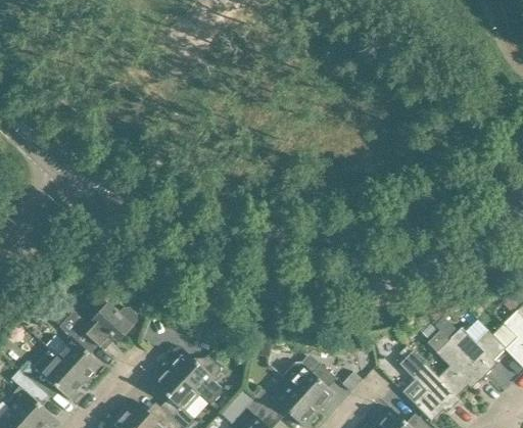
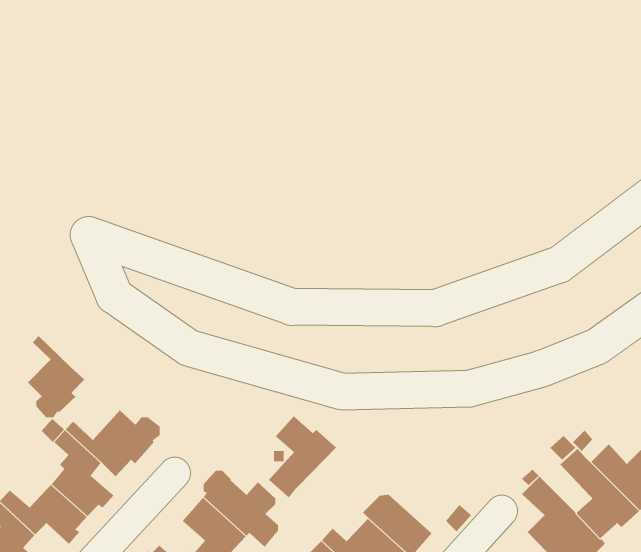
building: none -> [27,335,85,418]
building: none -> [268,416,337,498]

